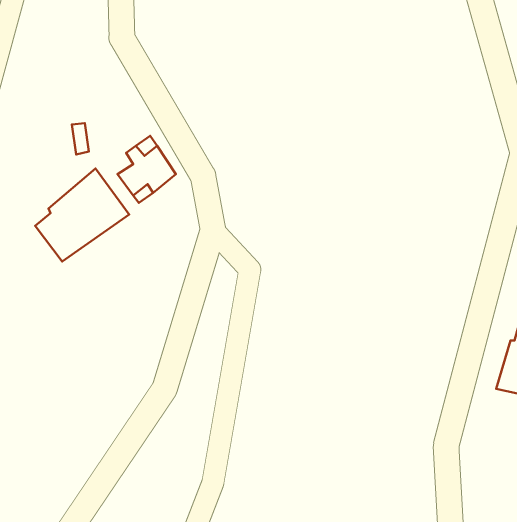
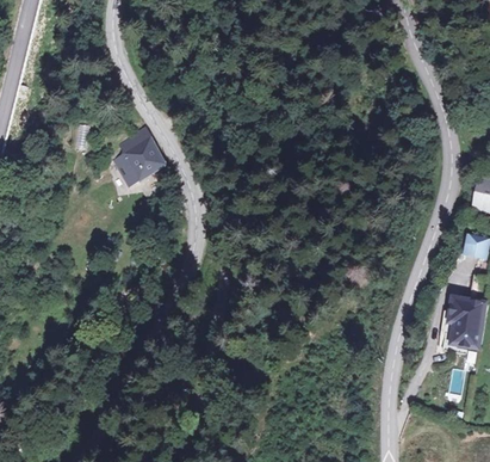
building: [35,169,129,261] -> none

